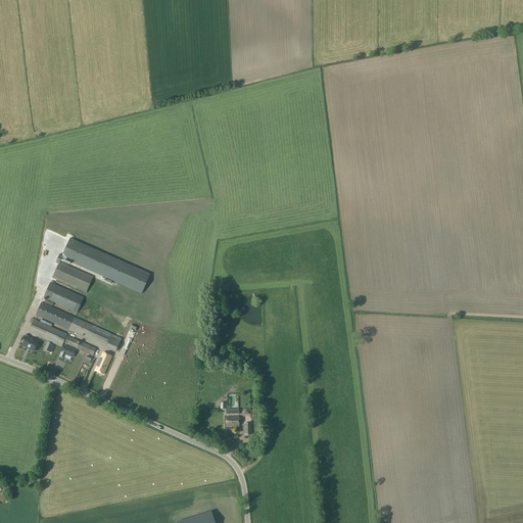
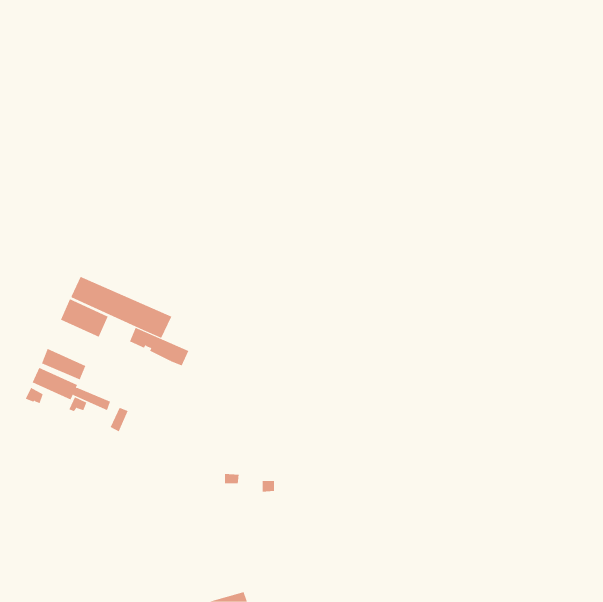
building: [43,281,84,312] -> none
building: [69,317,122,350] -> [129,327,189,366]

